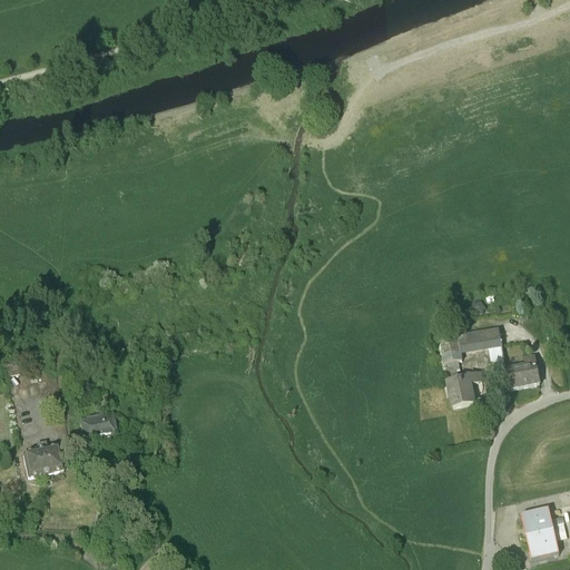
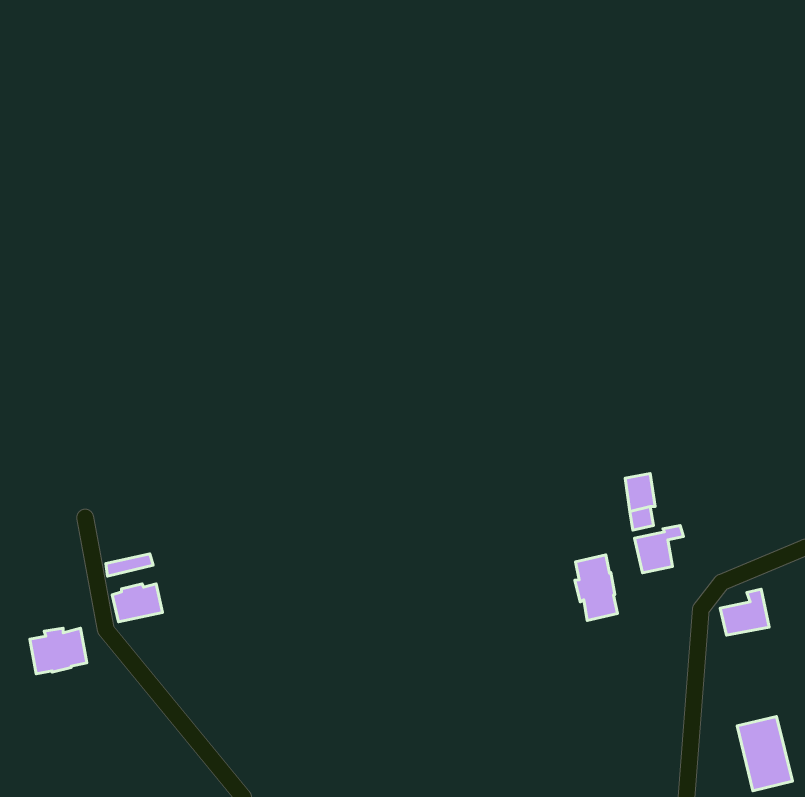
building: [460,326,502,351] -> none
building: [505,354,540,386] -> [720,589,769,635]
building: none -> [575,555,617,620]

